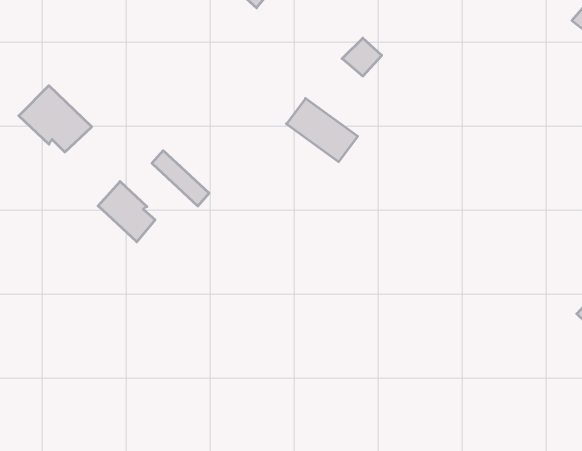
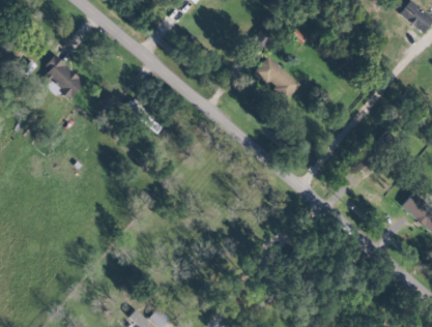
building: [286,98,358,162] -> [255,57,301,98]
building: [98,181,155,242] -> none

